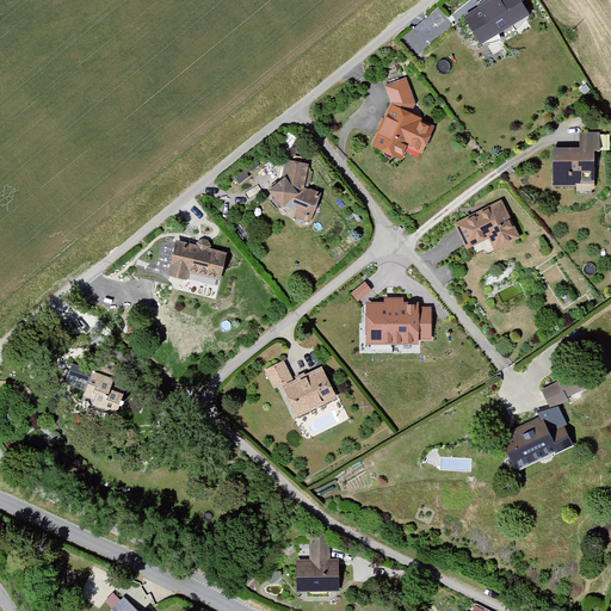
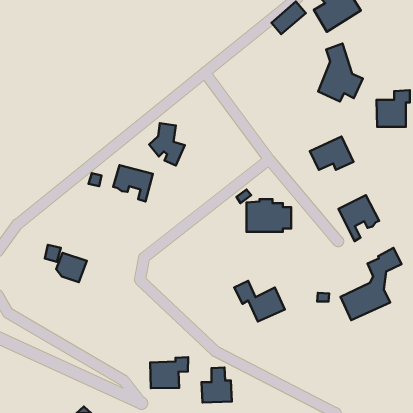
building: [370,75,436,160] -> [318,44,363,101]
building: [269,160,321,222] -> [149,123,185,165]
building: none -> [338,195,379,241]
building: [261,356,335,415] -> [234,281,285,322]
building: none -> [150,357,188,388]

